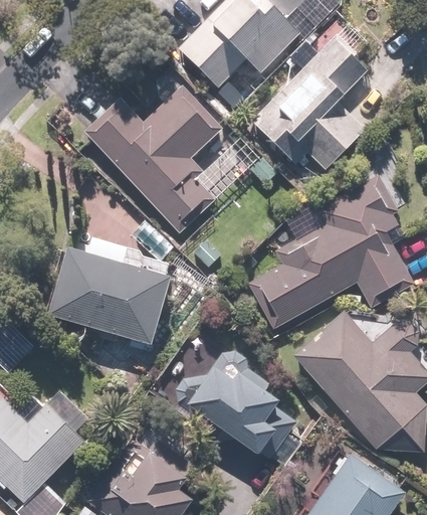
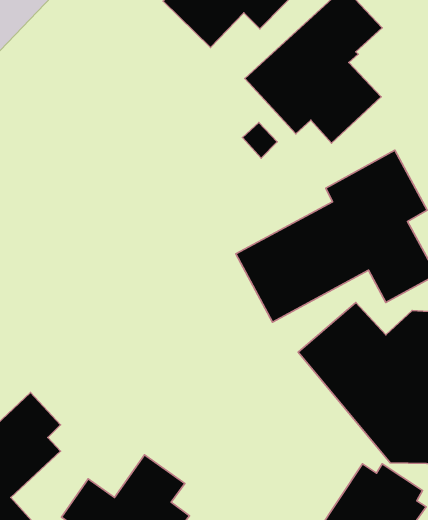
building: [83,89,221,231] -> none
building: [49,237,174,347] -> none
building: [189,345,283,458] -> none

